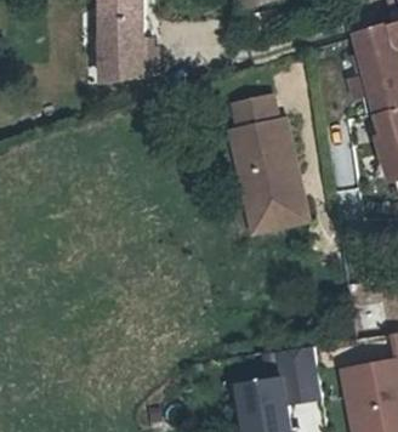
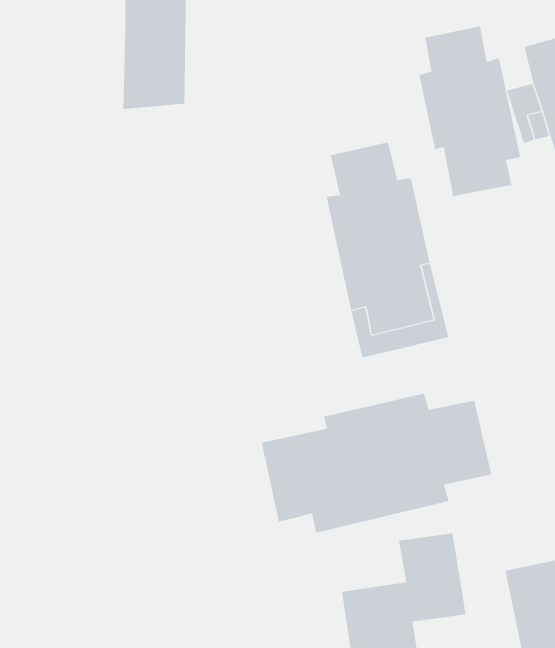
building: none -> [419,26,521,197]
building: none -> [261,393,492,534]

